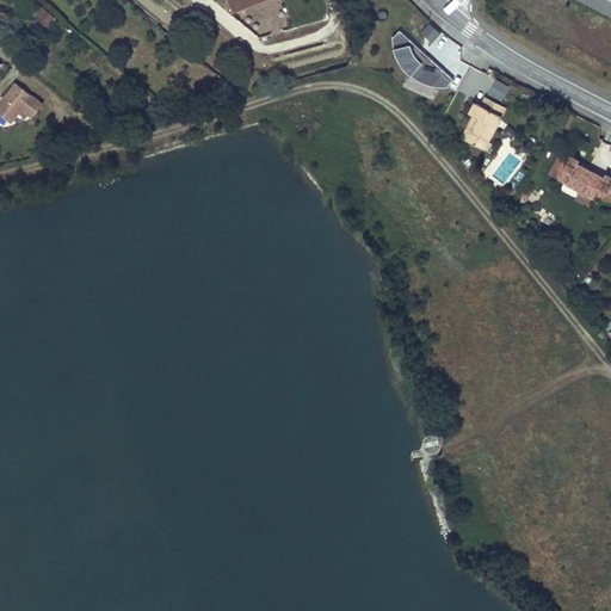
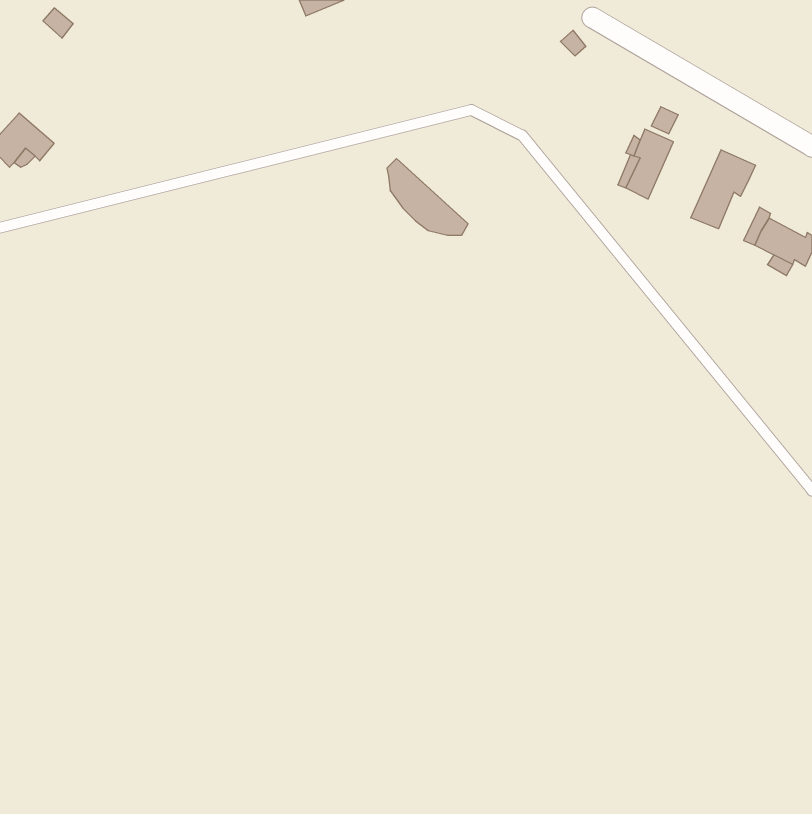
building: [391,30,452,87] -> [387,159,468,235]
building: none -> [691,150,755,229]

